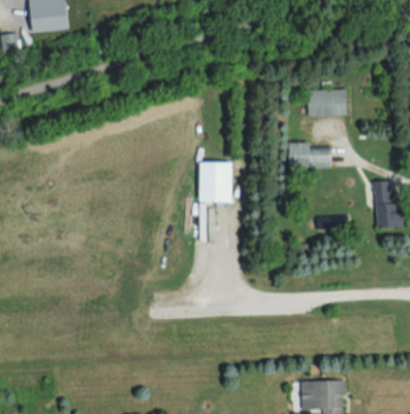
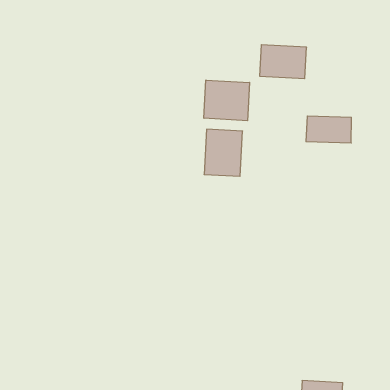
building: [309,89,349,117] -> [260,45,307,79]
building: none -> [204,80,250,121]

